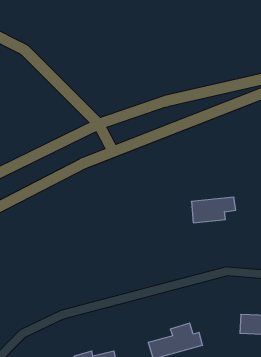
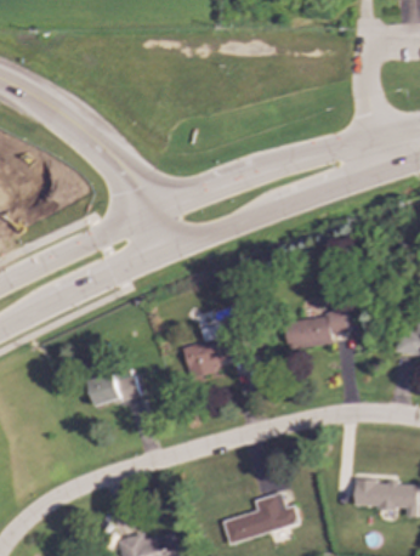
building: none -> [182,323,239,378]
building: none -> [89,369,140,405]

